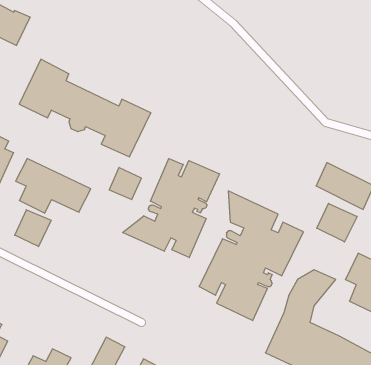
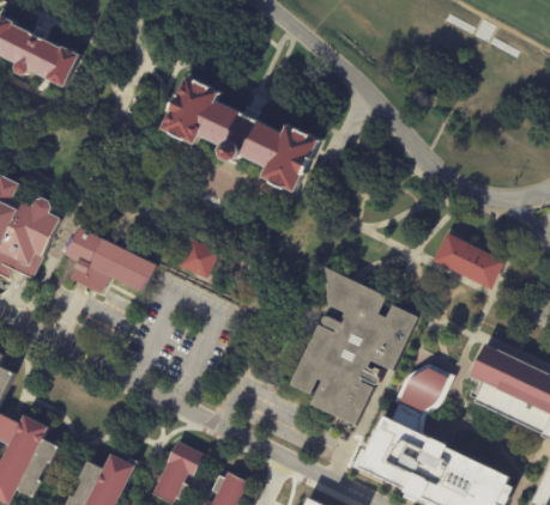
building: [19,59,151,157] -> [159,74,321,194]
building: [123,159,220,258] -> none
building: [317,203,357,242] -> none
building: [15,210,51,247] -> none

